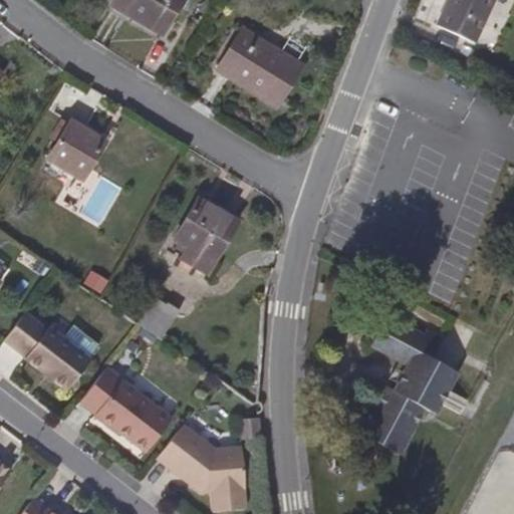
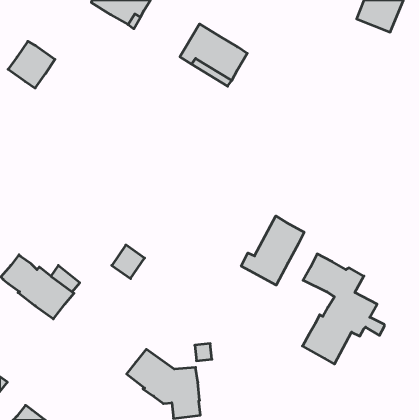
building: [51,122,108,180] -> [8,41,55,88]
building: [177,203,239,265] -> none
building: none -> [241,216,304,285]
building: [78,365,169,452] -> none

